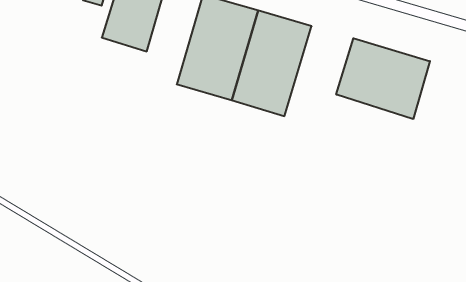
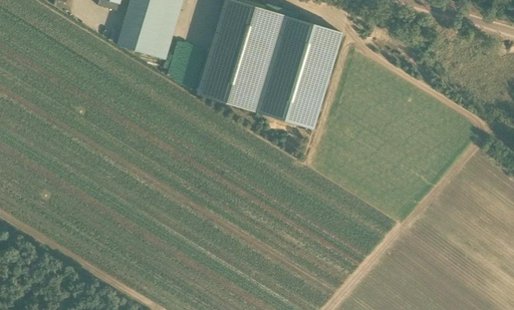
building: [336,38,430,119] -> none

